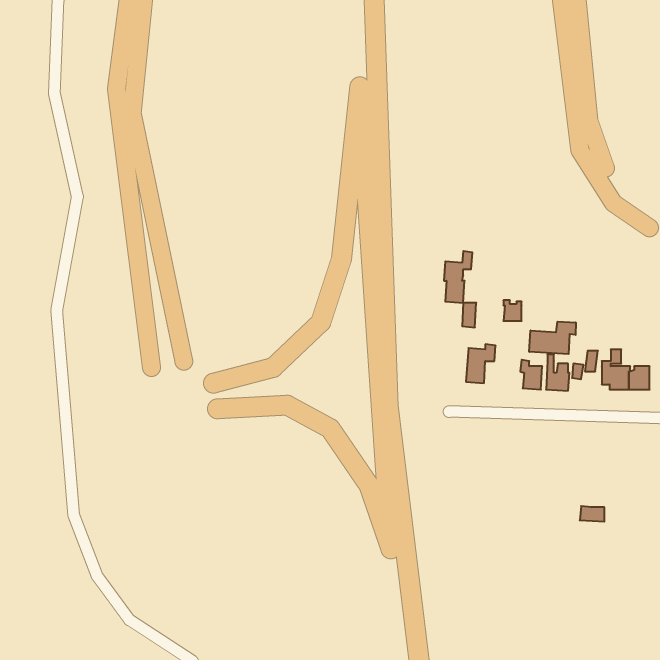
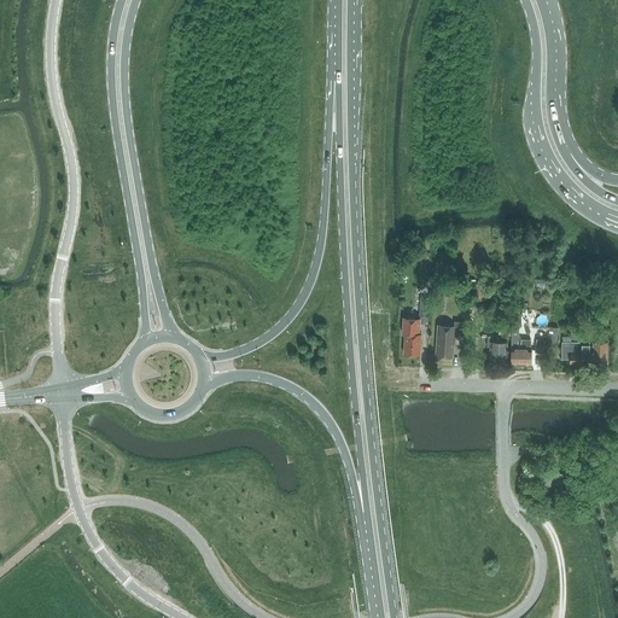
building: [444,251,472,303] -> [401,308,427,356]
building: [529,322,576,354] -> none

